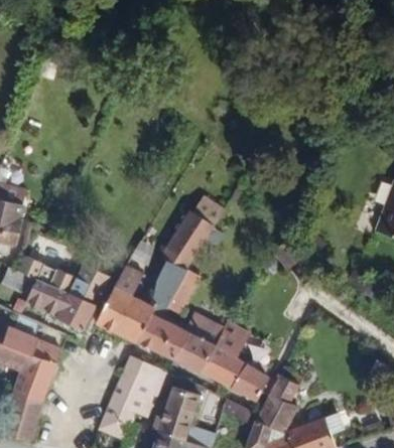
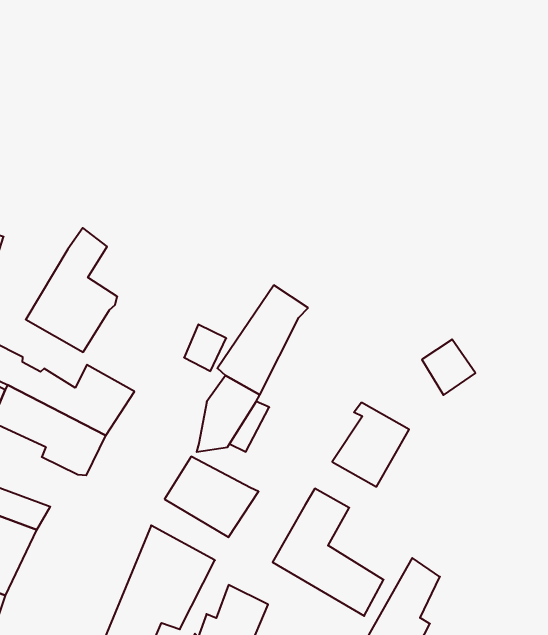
building: [97,265,150,338] -> [26,228,117,352]
building: [171,322,216,371] -> [332,403,409,487]

